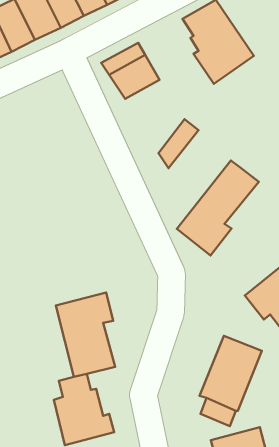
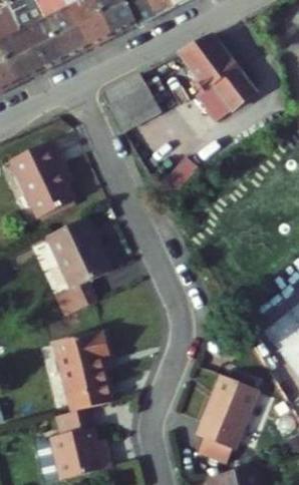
building: none -> [7,139,71,217]
building: [177,161,259,256] -> none
building: none -> [46,216,109,315]

